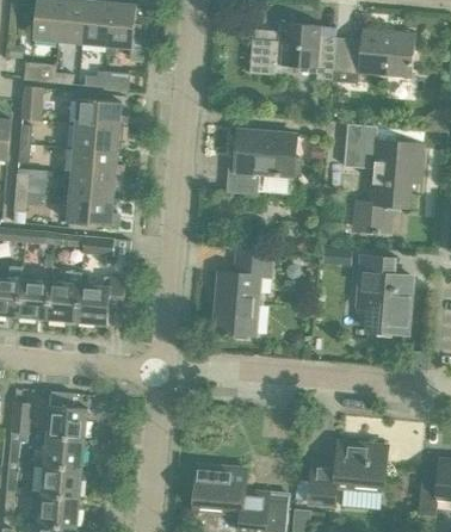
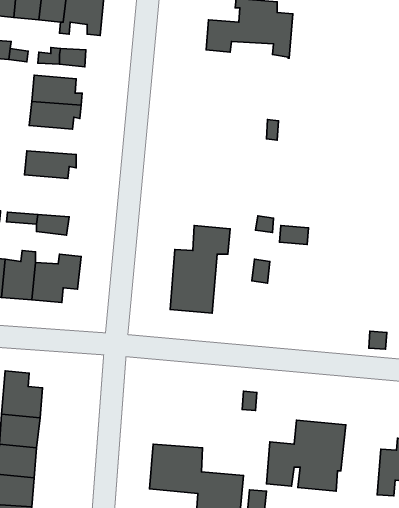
building: [332,29,415,83] -> none
building: [342,125,422,234] -> none
building: [227,129,297,193] -> none
building: [72,148,122,177] -> none
building: [67,197,118,227] -> none
building: [353,254,412,333] -> none

